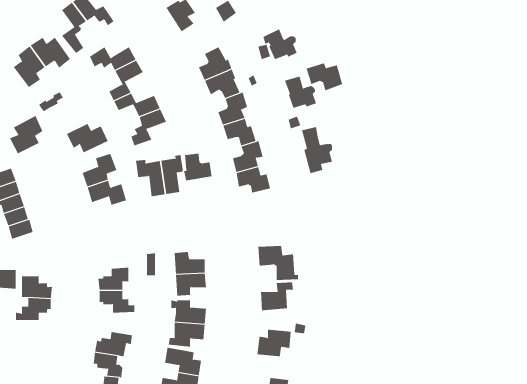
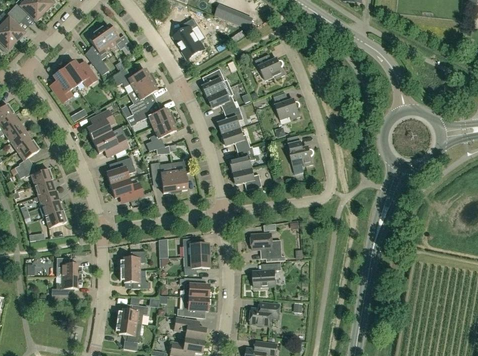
building: [306,63,343,91] -> none
building: [9,115,43,154] -> [86,108,114,140]
building: [184,153,212,181] -> none

